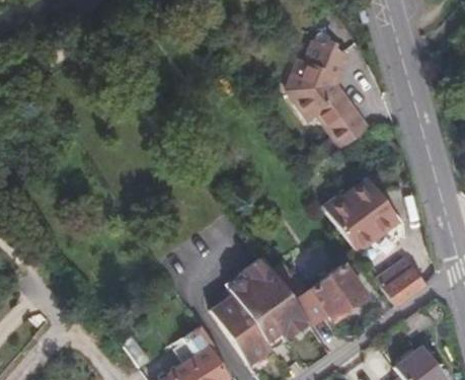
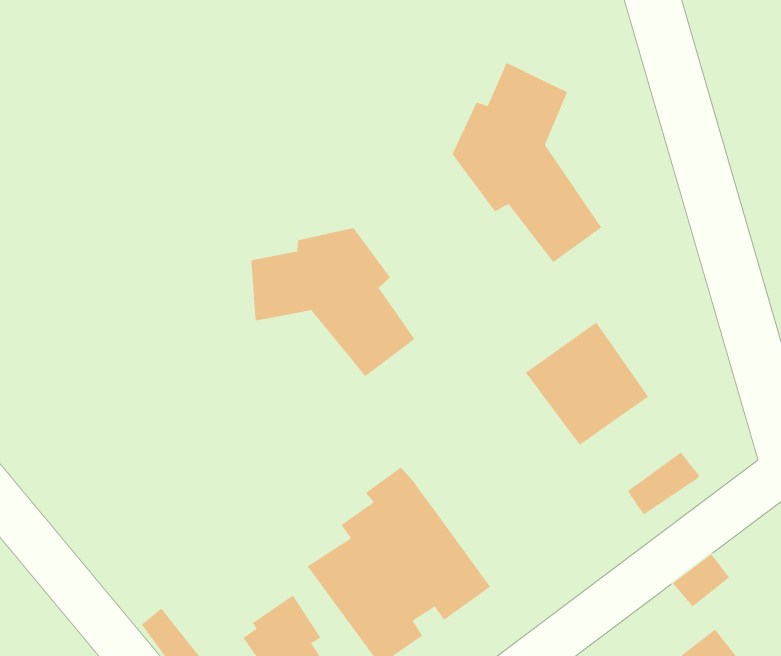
building: none -> [250,227,416,377]
building: [266,254,368,325] -> none
building: [385,265,429,306] -> none

